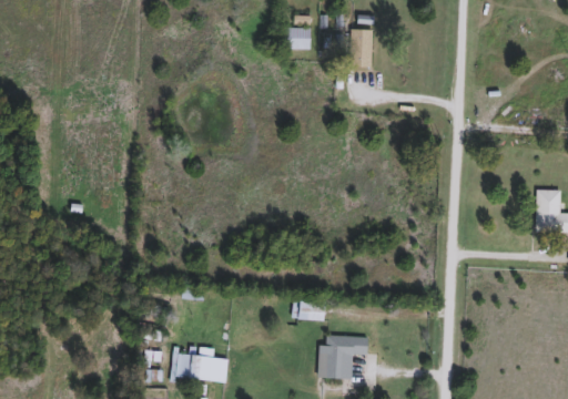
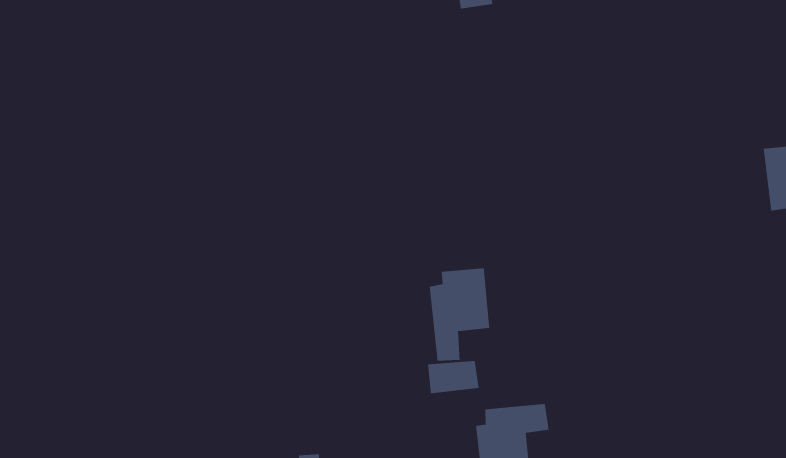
building: none -> [429,267,490,361]

